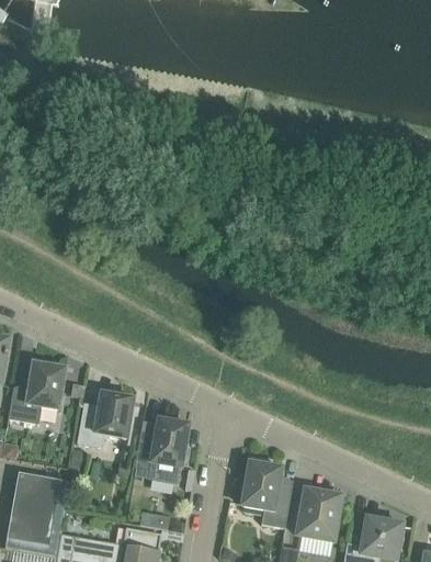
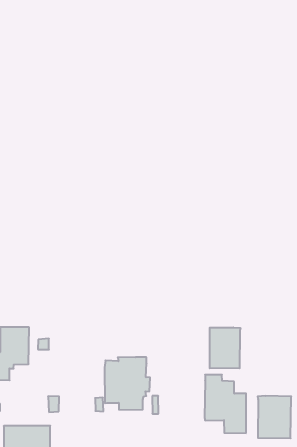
building: [77,393,134,448] -> none
building: none -> [210,327,240,368]

